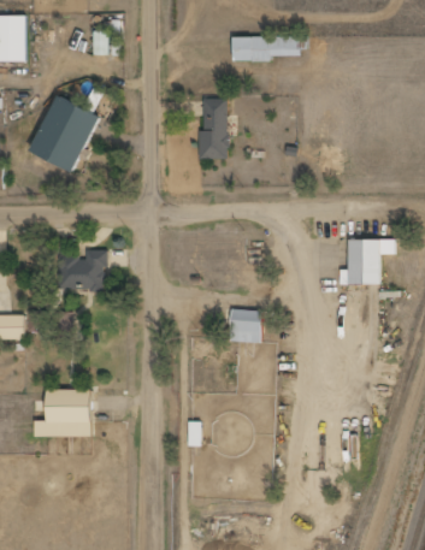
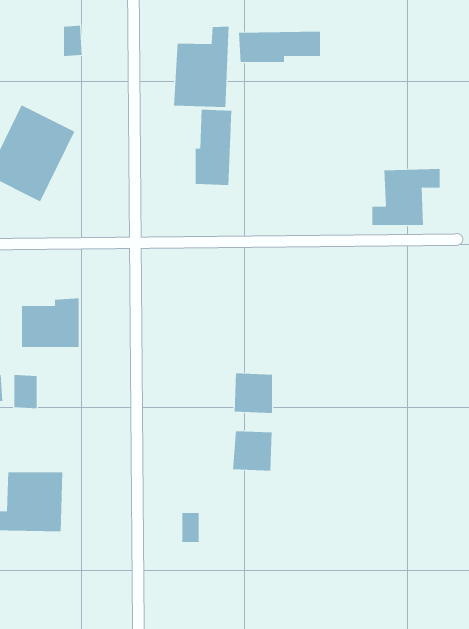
building: none -> [174,26,229,108]
building: [338,238,394,284] -> [372,169,440,225]
building: none -> [232,430,272,471]

